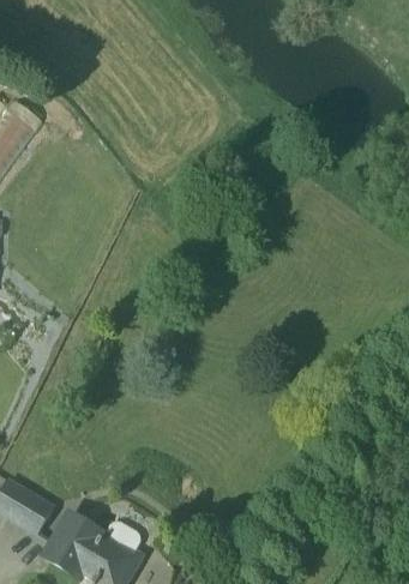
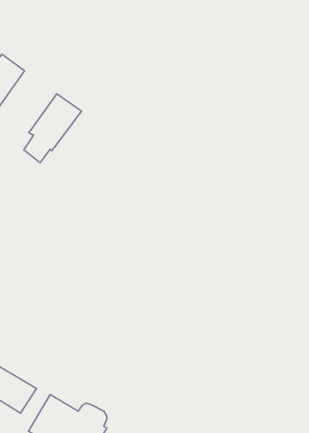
building: none -> [24,94,82,163]

